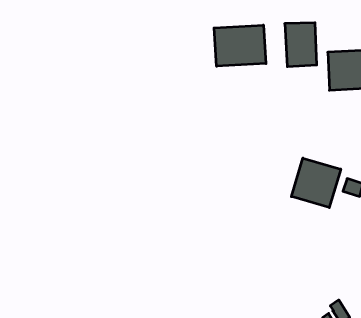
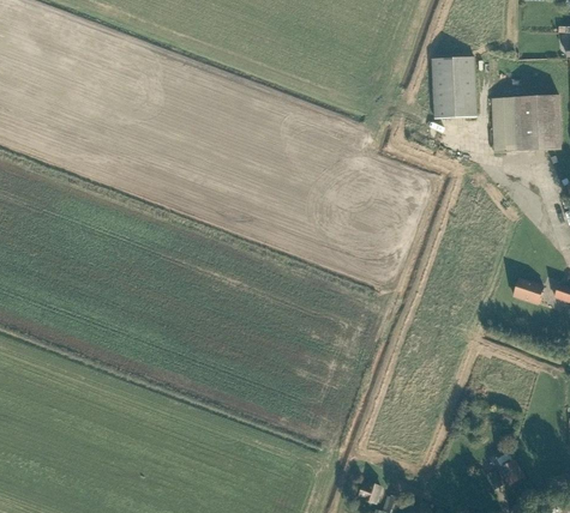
building: [214,25,266,66] -> none
building: [291,158,341,208] -> none

